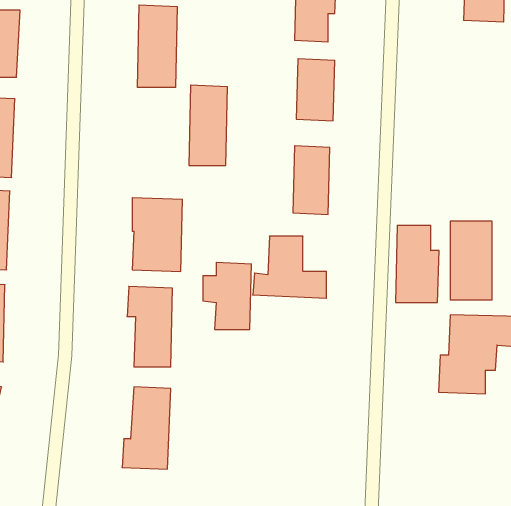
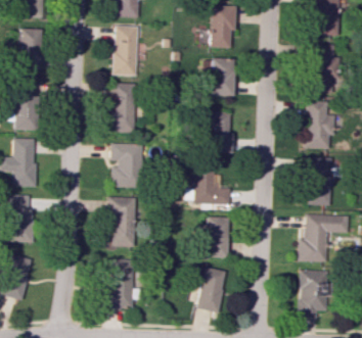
building: none -> [310,44,335,93]
building: [189,85,227,165] -> [112,83,136,132]
building: [396,225,439,302] -> [306,101,332,148]
building: [203,262,251,329] -> [198,216,228,257]
building: none -> [191,265,226,312]
building: none -> [299,270,328,317]

